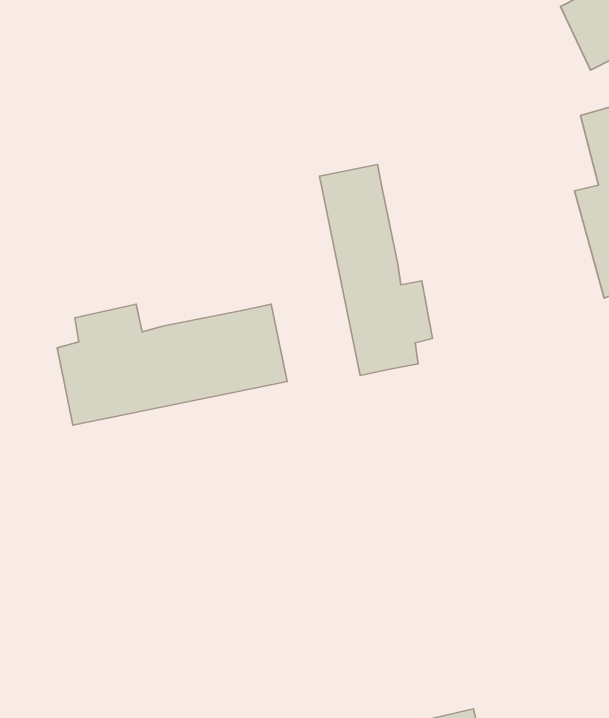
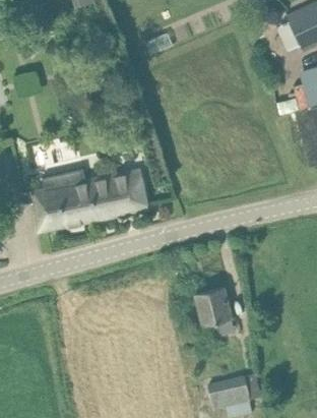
building: [319,164,433,376] -> none
building: none -> [195,285,231,340]

